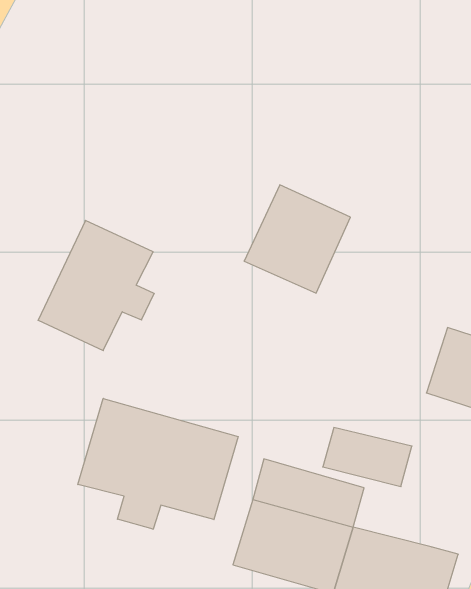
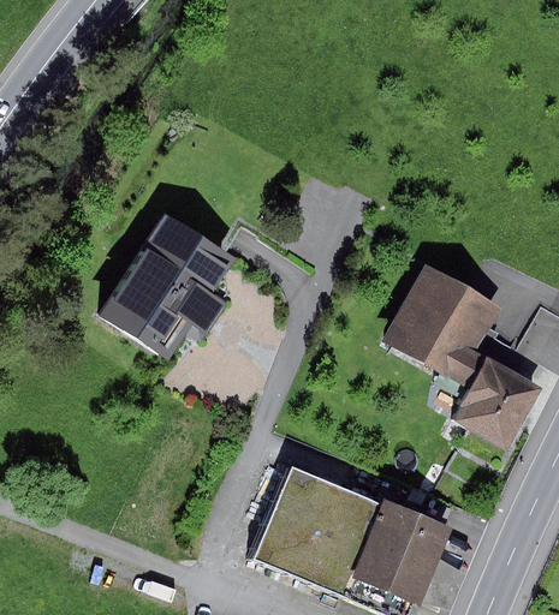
building: [244,185,350,293] -> [386,269,488,372]
building: [78,398,238,529] -> none
building: [323,428,412,487] -> [371,501,456,562]

